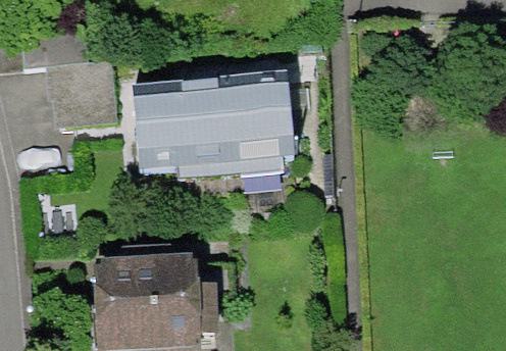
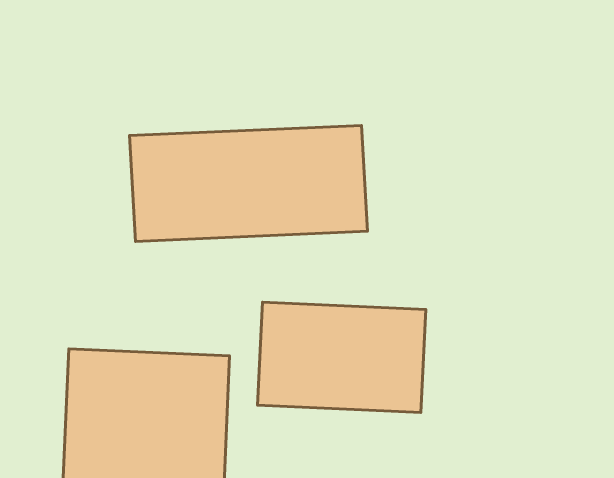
building: none -> [257,302,426,413]

